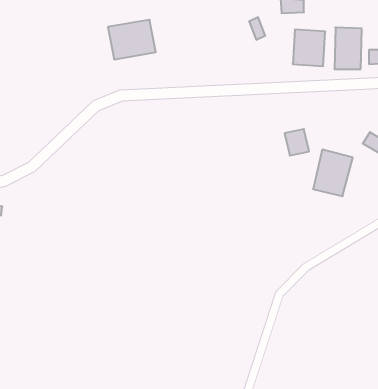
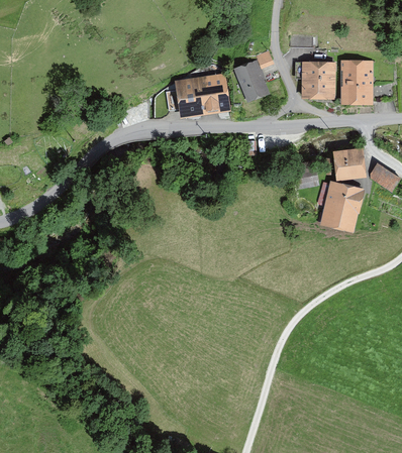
building: [108,20,156,59] -> [176,77,223,116]
building: none -> [237,66,267,99]
building: none -> [334,150,364,181]

